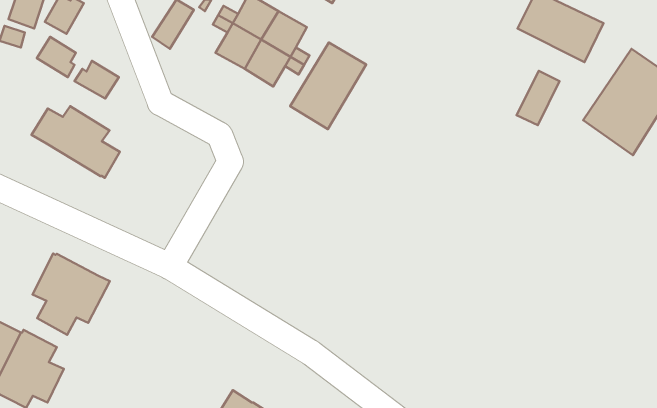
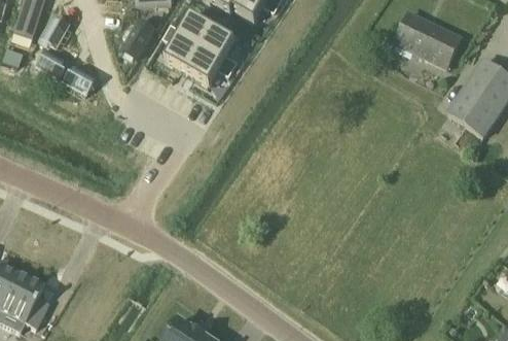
building: [290,43,366,129] -> none
building: [516,71,559,125] -> none
building: [32,106,120,178] -> none
building: [33,254,110,335] -> none

